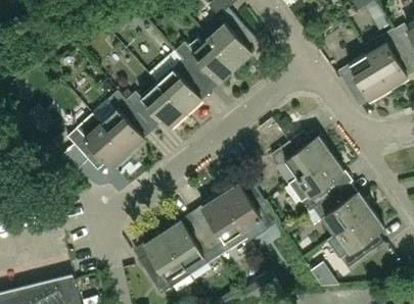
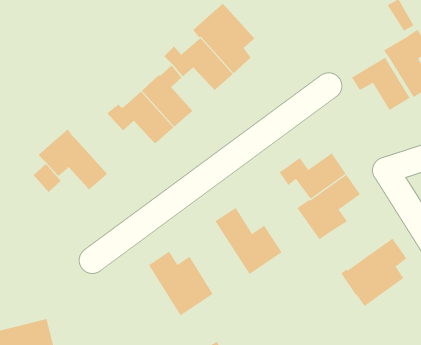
building: [99,92,142,154] -> none
building: [318,192,371,237] -> none
building: [196,195,247,257] -> none
building: [137,233,188,294] -> none

